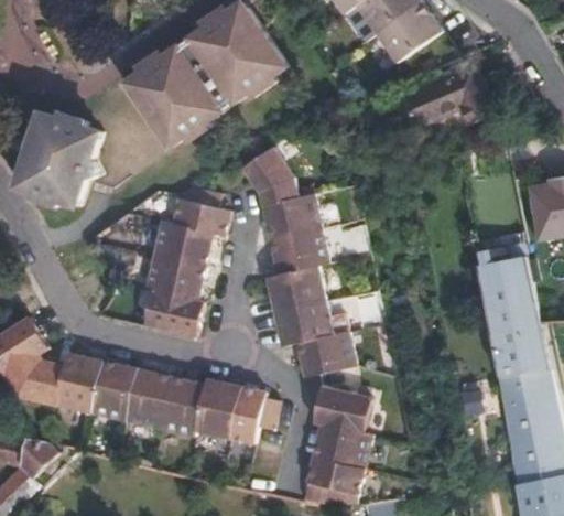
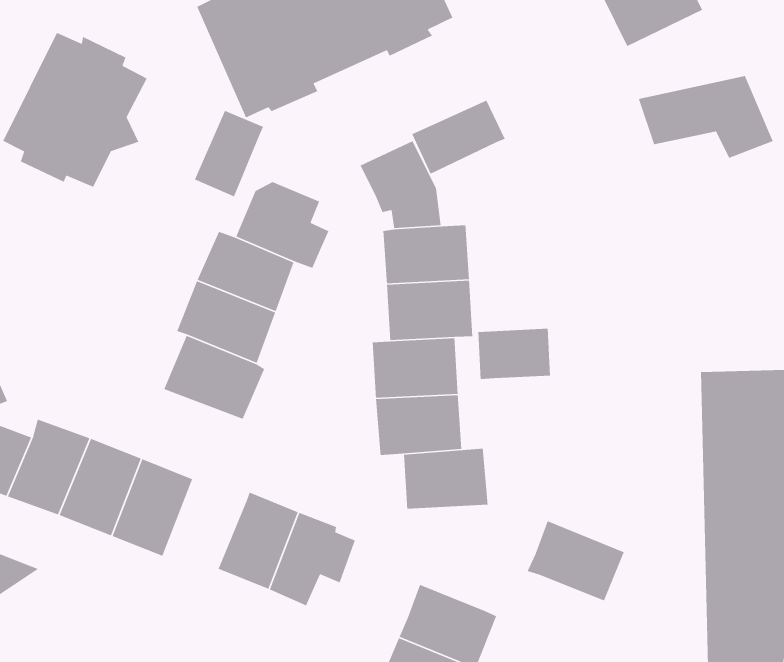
building: none -> [411,99,506,175]
building: none -> [194,110,264,197]
building: none -> [478,328,551,380]
building: [158,377,204,437] -> none
building: [313,385,372,430] -> [527,520,625,602]

